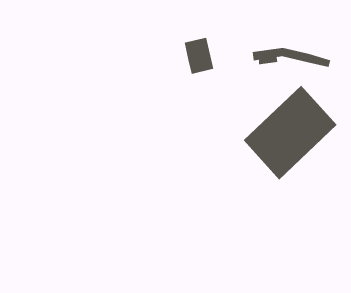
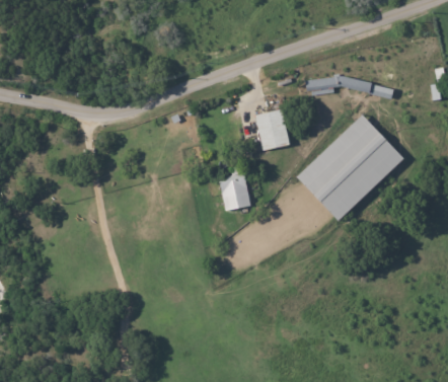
building: [184,37,214,74] -> [255,109,289,151]
building: none -> [219,165,251,211]

